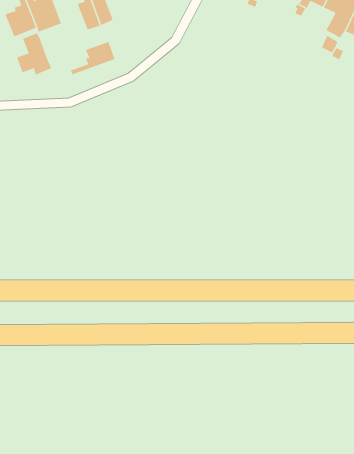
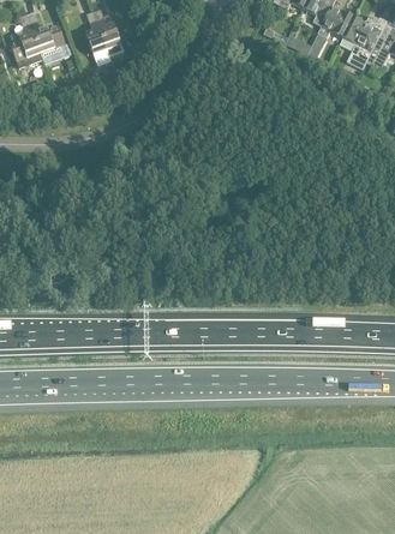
building: [17,33,52,75] -> none
building: [70,41,115,75] -> none

